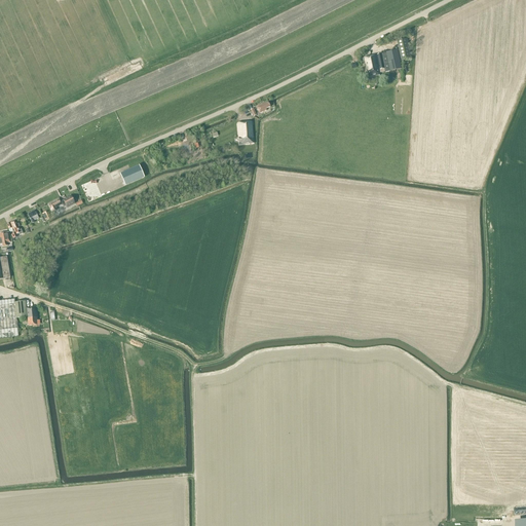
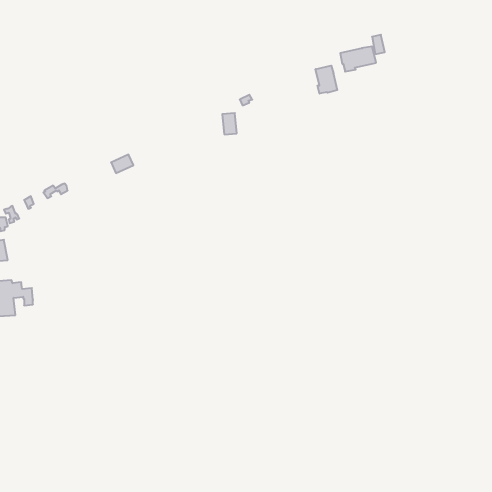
building: none -> [316,66,337,94]

